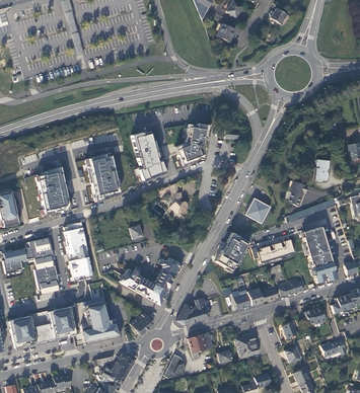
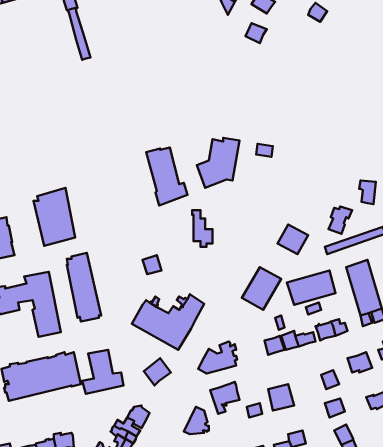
building: [85,152,121,202] -> none

